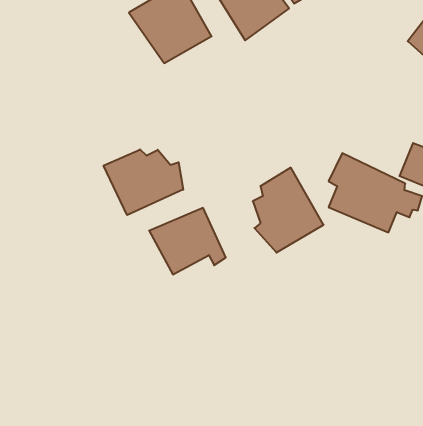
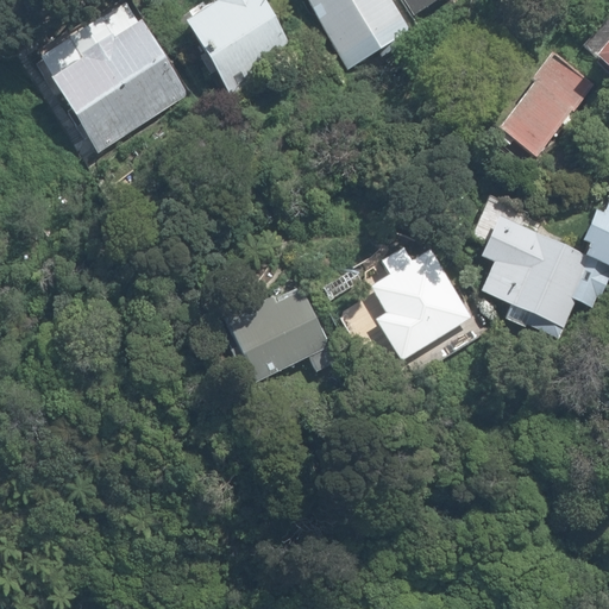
building: none -> [61,14,201,146]
building: none -> [496,49,594,155]
building: [104,149,183,215] -> none

